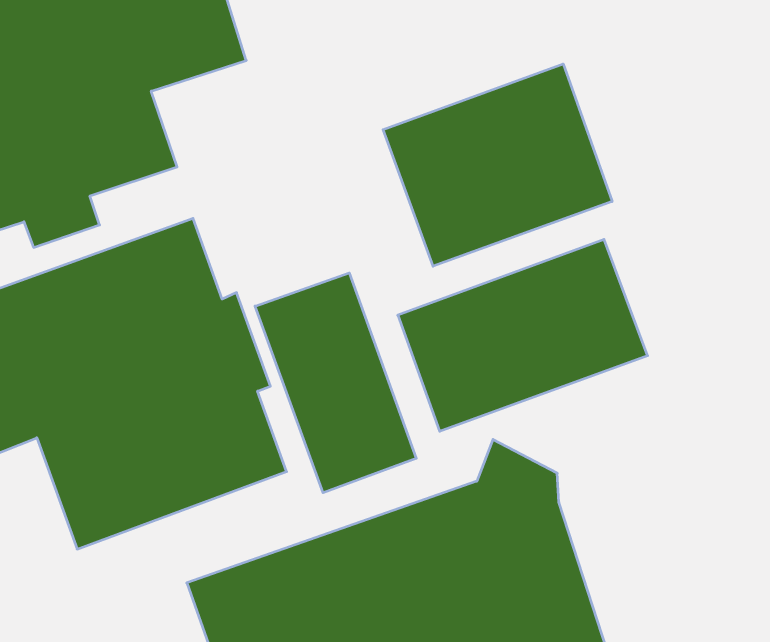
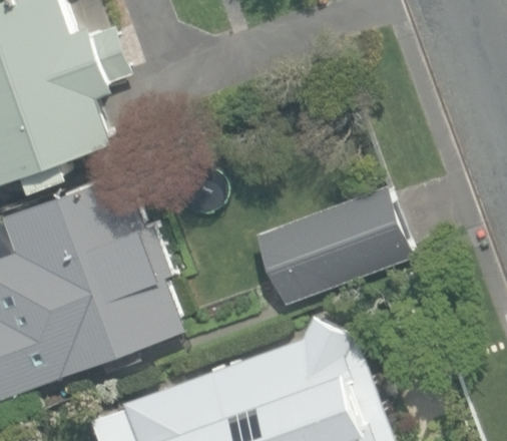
building: [383,64,612,266] -> none
building: [255,273,416,493] -> none

